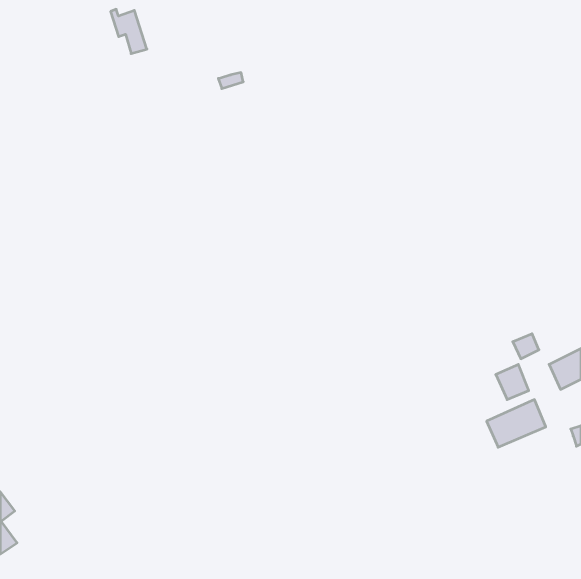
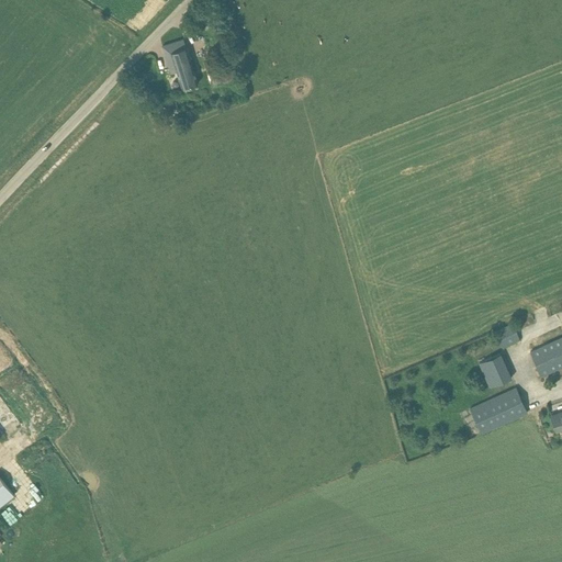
building: [111,9,147,54] -> [162,46,198,89]

